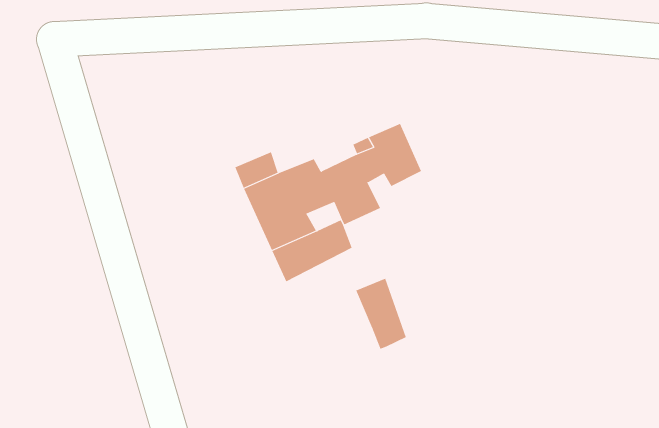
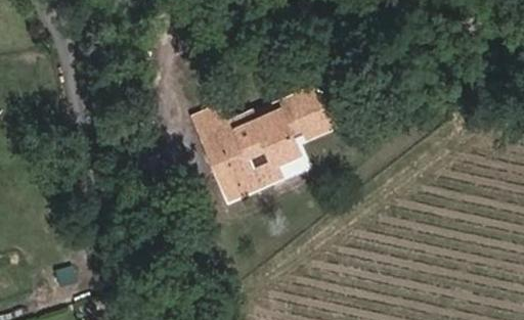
building: [356,278,406,350] -> none

